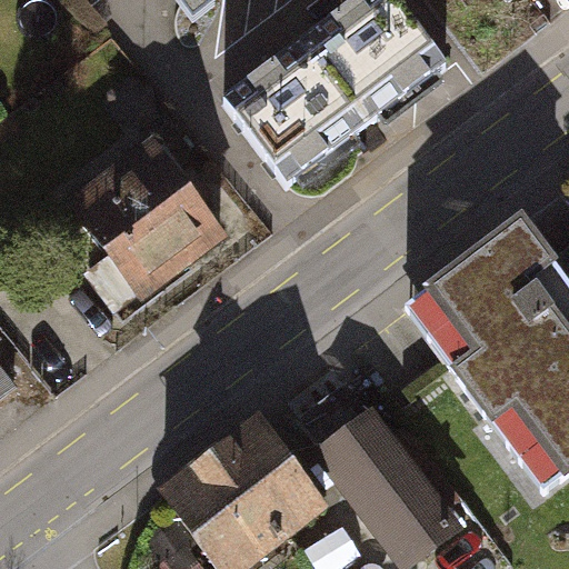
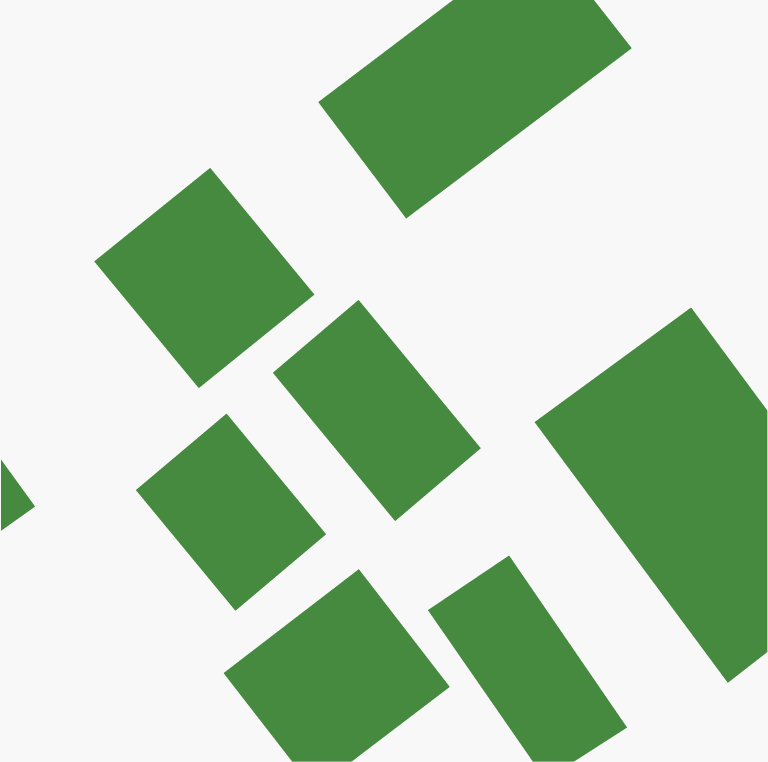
building: none -> [272,299,482,522]
building: none -> [135,413,327,612]

